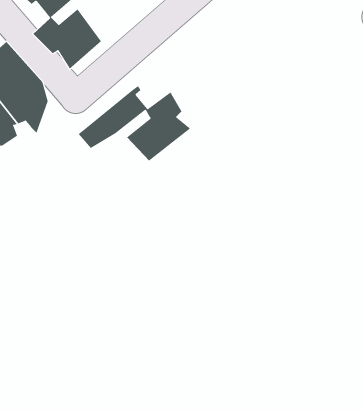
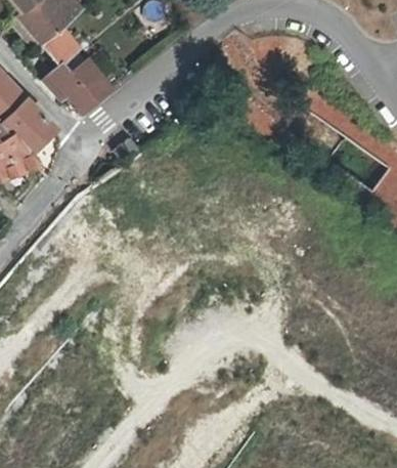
building: [78,85,191,161] -> none

